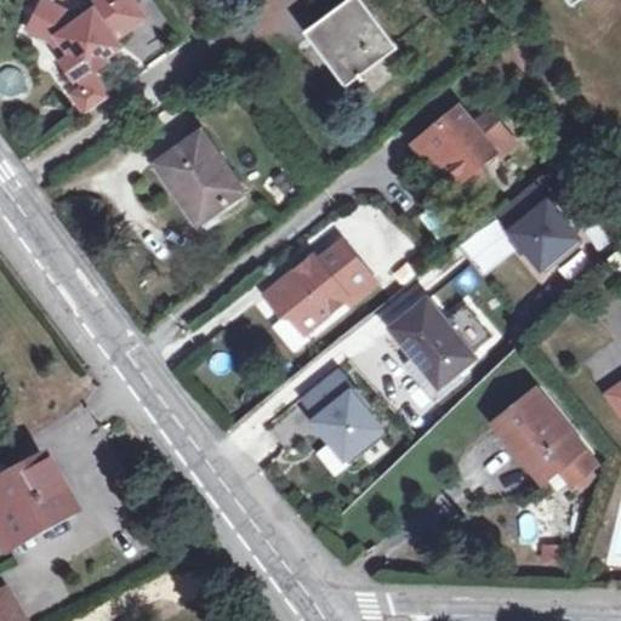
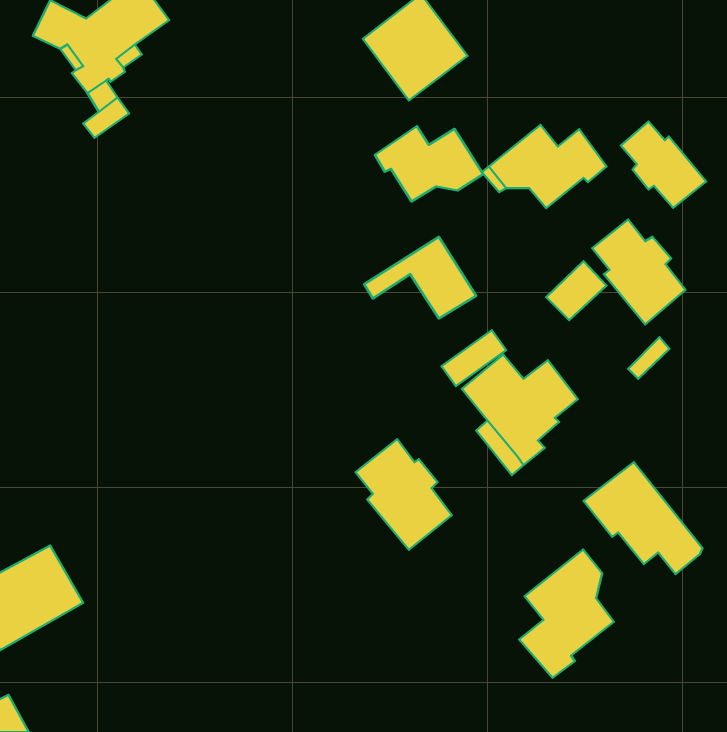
building: none -> [621,121,706,208]
building: none -> [375,126,483,202]
building: [155,132,241,223] -> none
building: [266,241,370,331] -> none
building: none -> [519,549,614,678]

